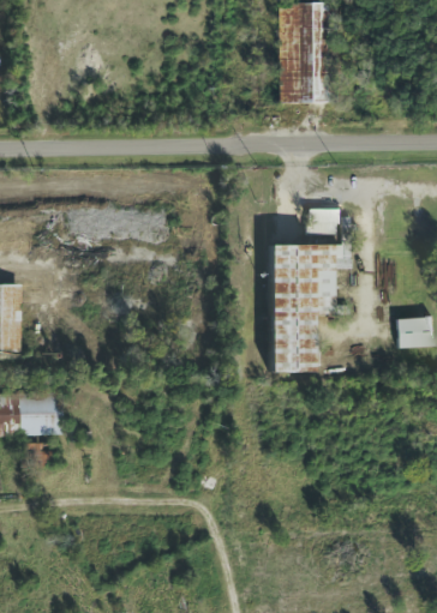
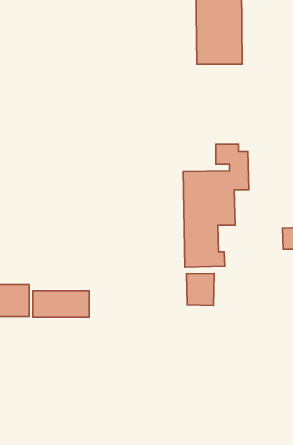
building: none -> [186,273,214,305]
building: none -> [33,291,89,317]

